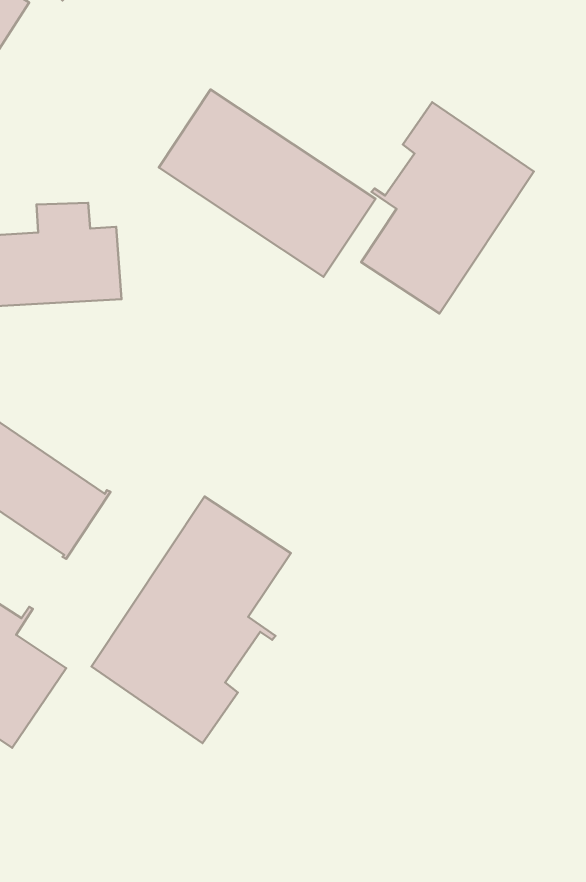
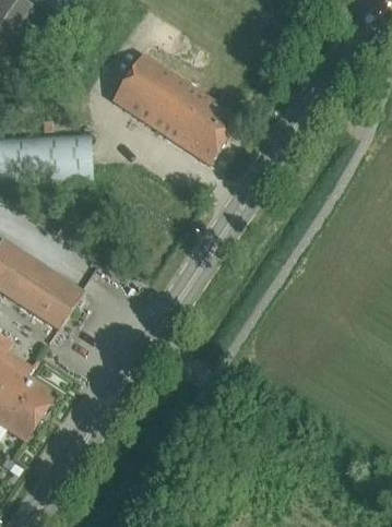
building: [361,102,534,314] -> none
building: [91,496,291,743] -> none

